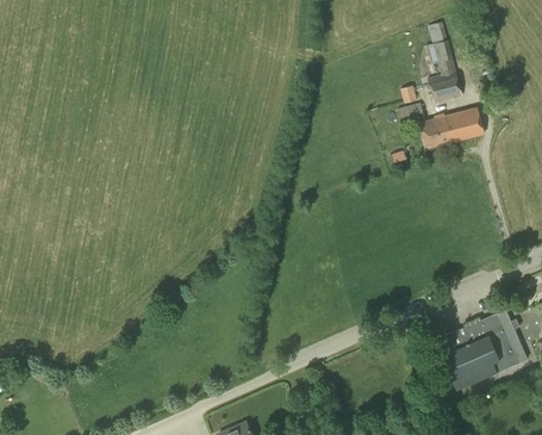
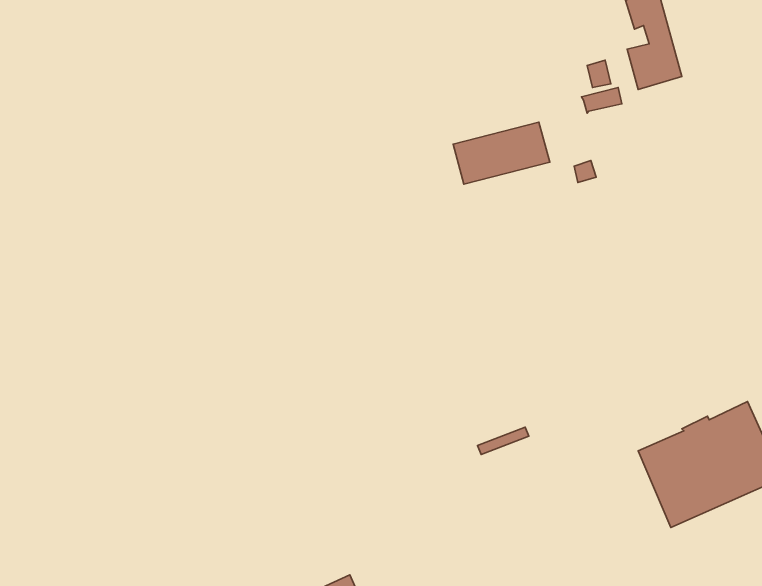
building: [420,107,484,148] -> [453,122,550,184]

